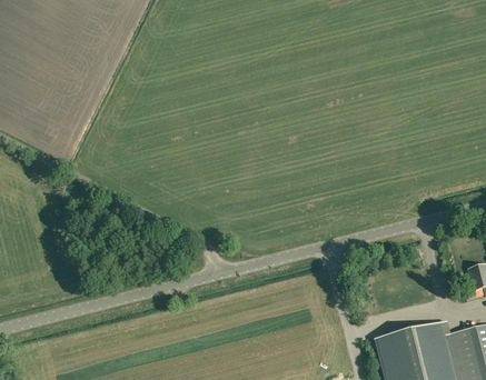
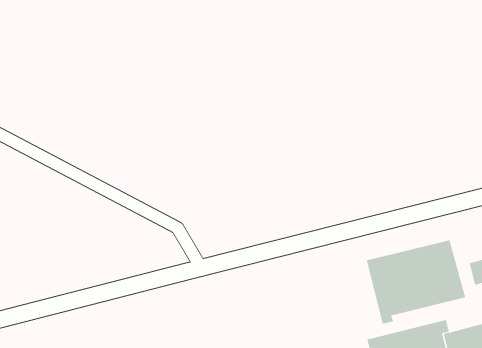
building: none -> [366,240,466,324]

